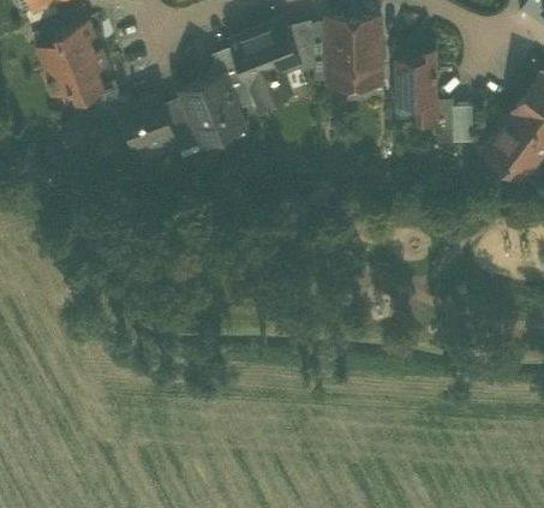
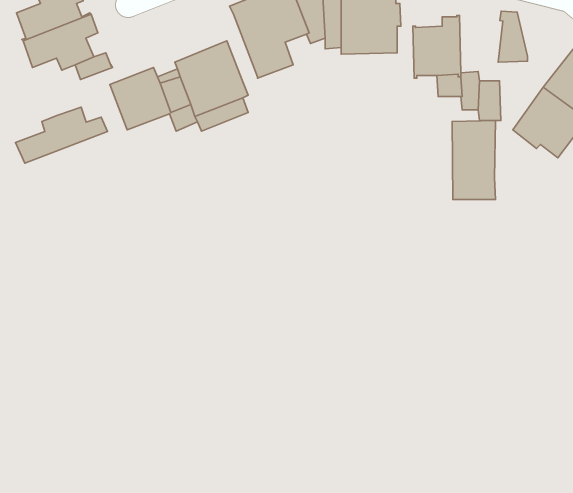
building: none -> [498,11,528,62]
building: [213,49,253,110] -> none
building: none -> [16,107,107,163]
building: none -> [452,121,495,200]

